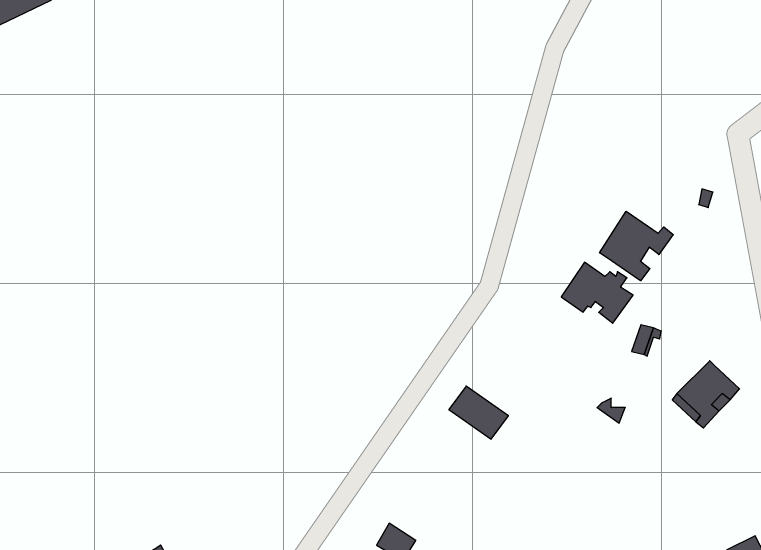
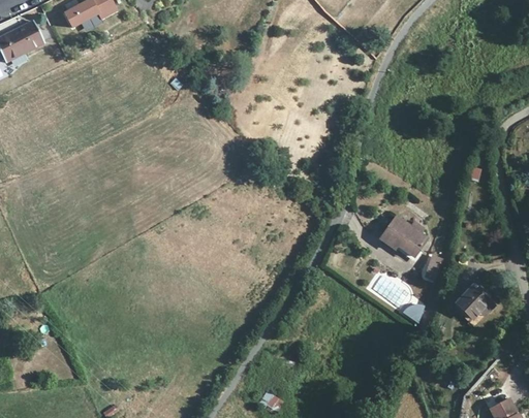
building: [600,211,673,281] -> none
building: [449,386,508,439] -> [367,270,406,306]

